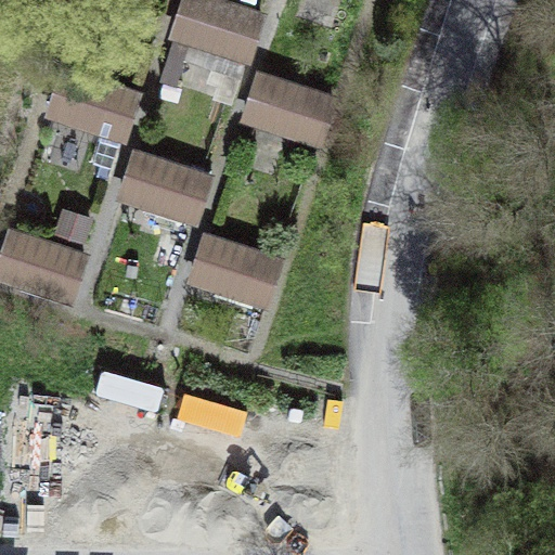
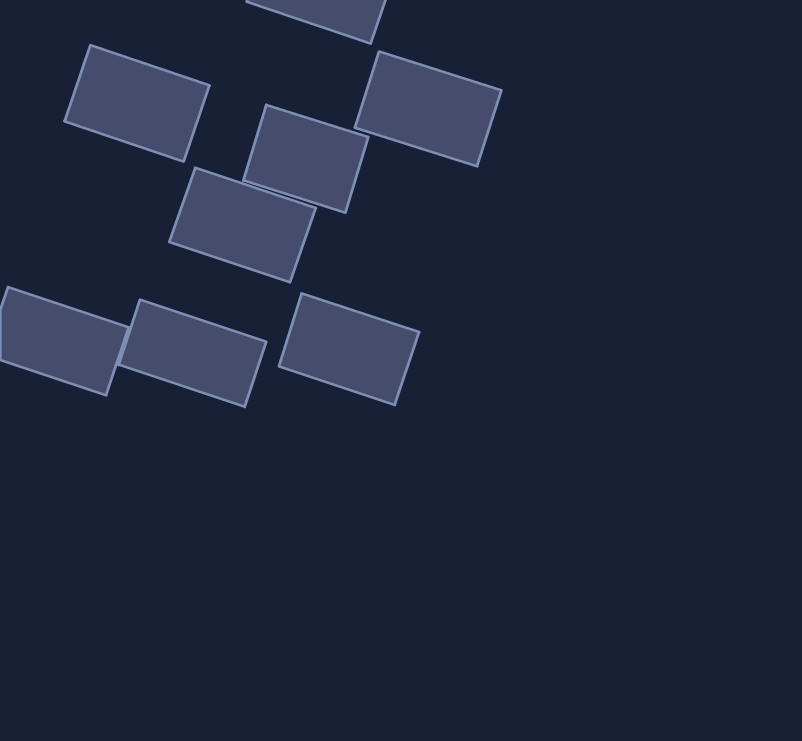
building: none -> [243,105,368,213]
building: none -> [119,300,266,407]

